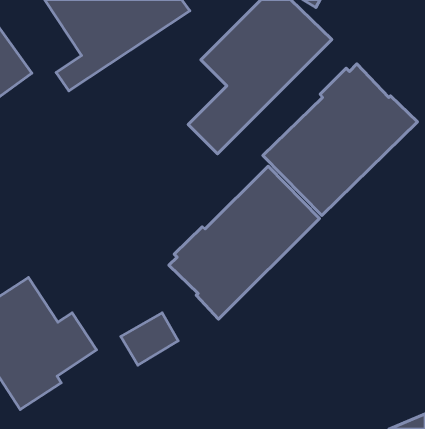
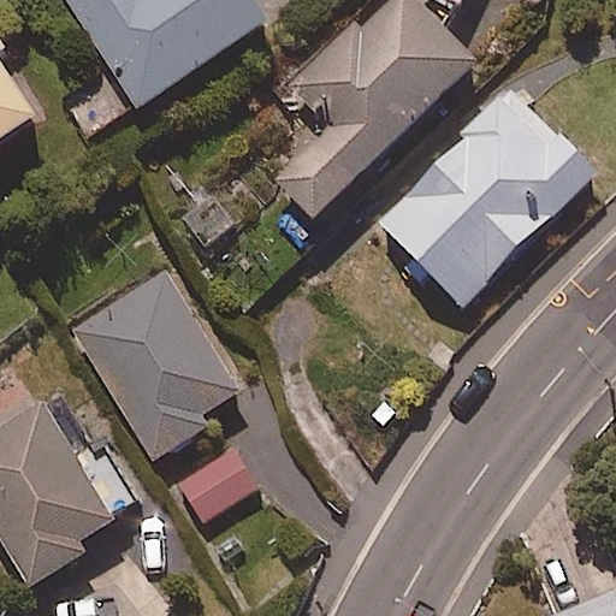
building: [169,166,320,319] -> none
building: none -> [69,268,241,460]

